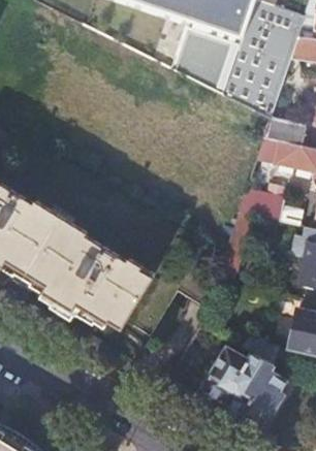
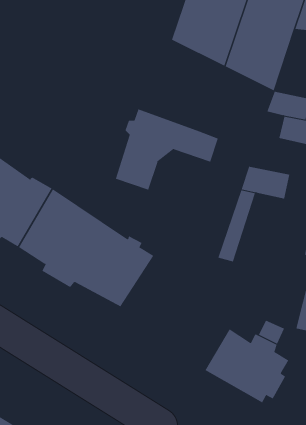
building: none -> [115,109,219,191]

